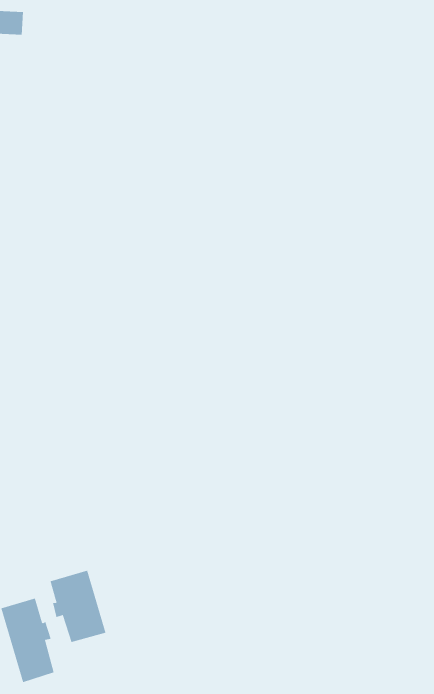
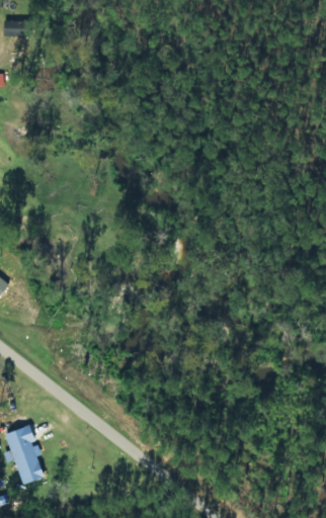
building: [50,570,106,643] -> none

